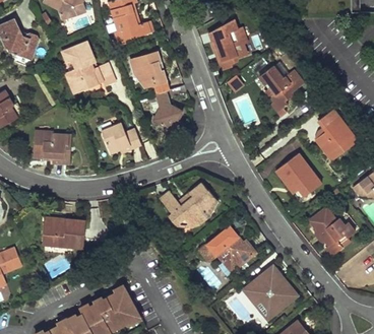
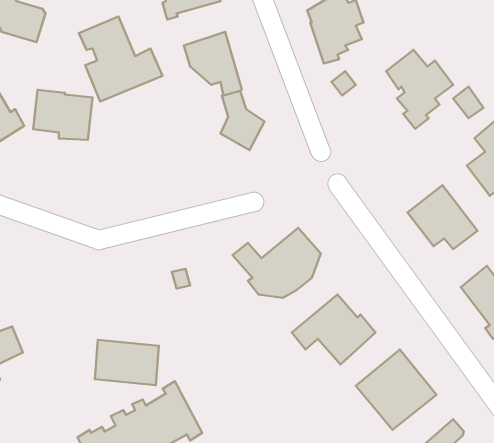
building: [98,123,137,153] -> none
building: [32,130,71,163] -> [33,90,92,140]
building: [42,218,84,249] -> [95,340,159,385]

